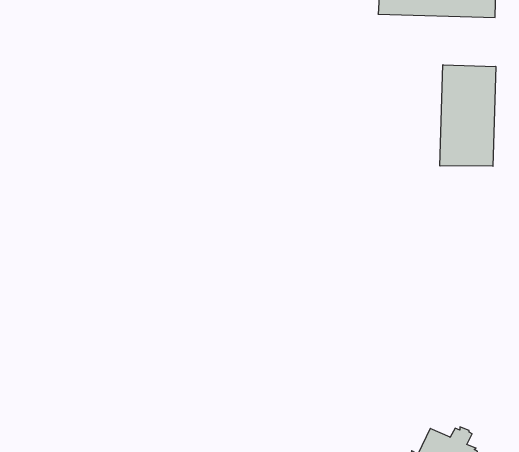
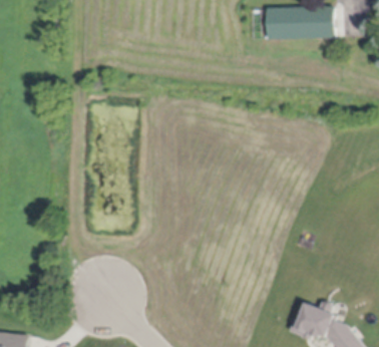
building: [440,65,496,166] -> none

